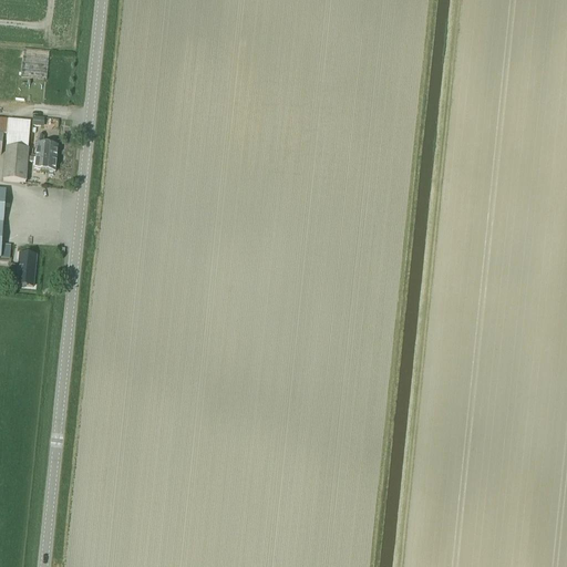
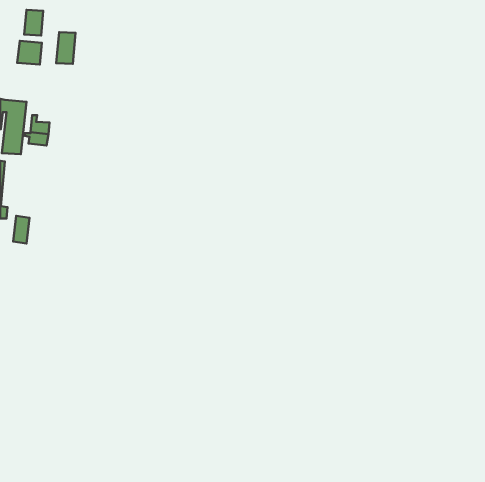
building: none -> [24,10,43,35]
building: none -> [56,32,75,64]

